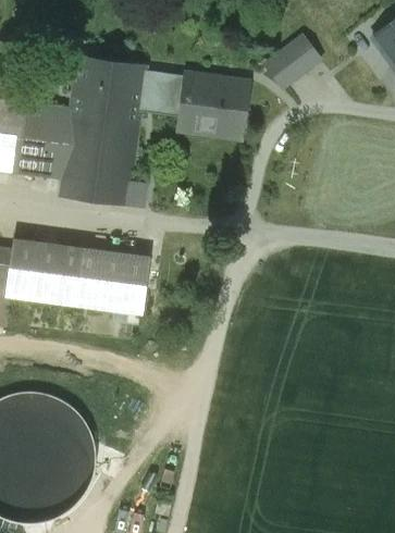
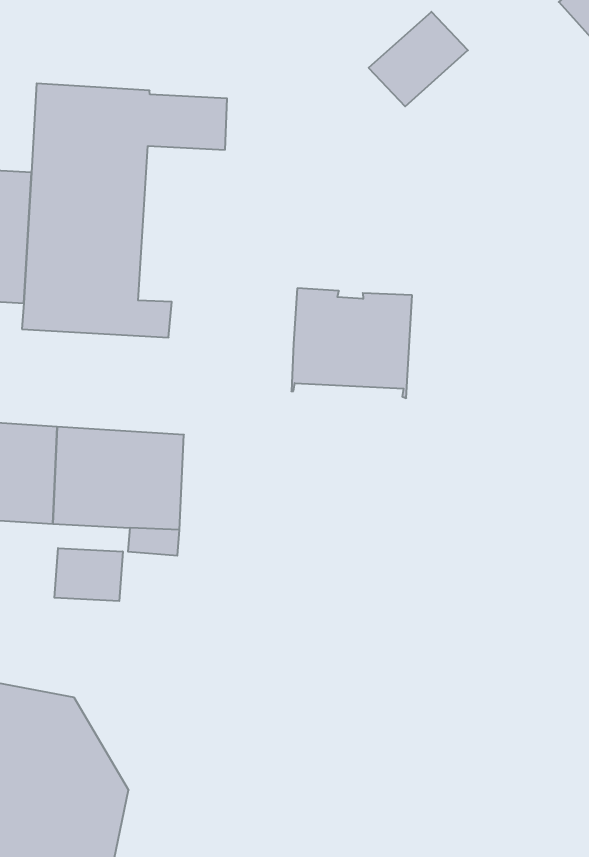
building: [177,73,248,138] -> [291,288,412,398]
building: none -> [54,548,123,601]

